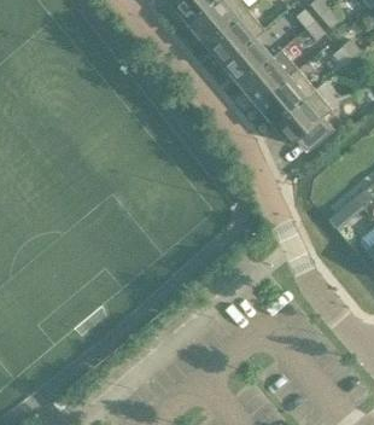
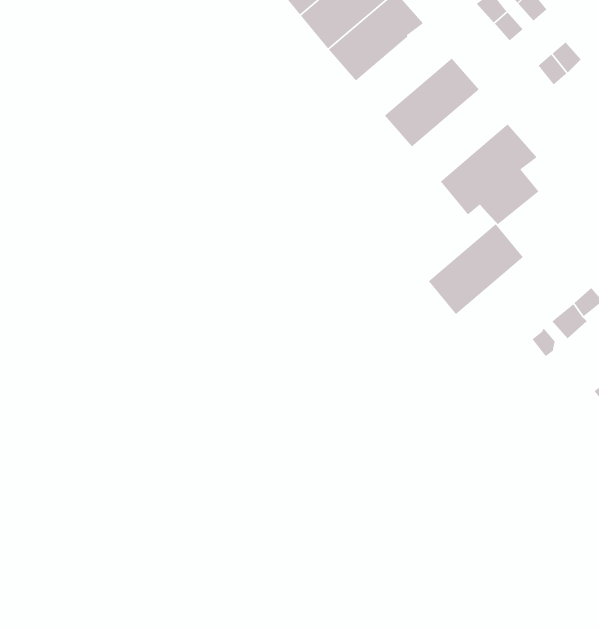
building: [223,36,273,85] -> none
building: [257,69,315,124] -> [428,223,524,315]

